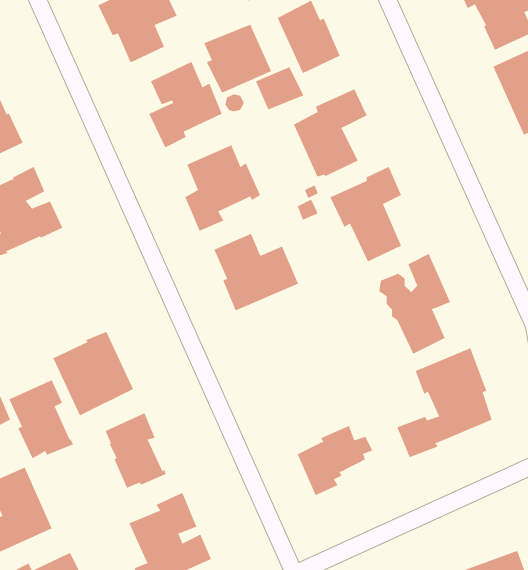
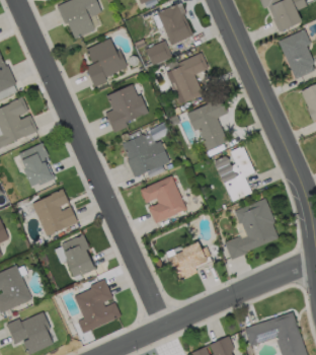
building: [204,24,272,94] -> none
building: none -> [140,175,186,223]
building: [9,379,74,459] -> [18,142,55,187]

